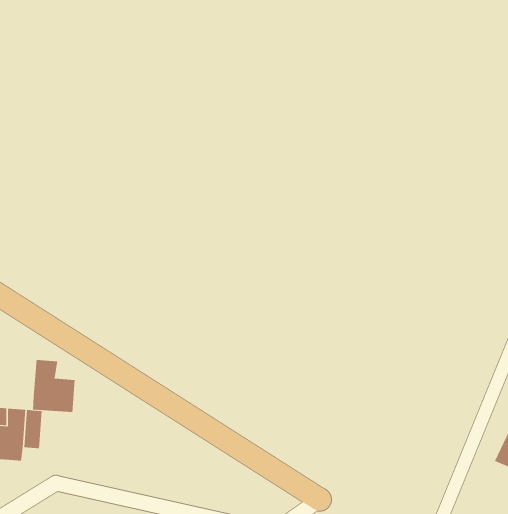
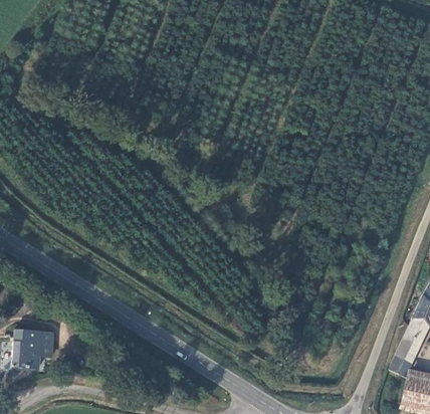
building: [33,359,75,413] -> none

